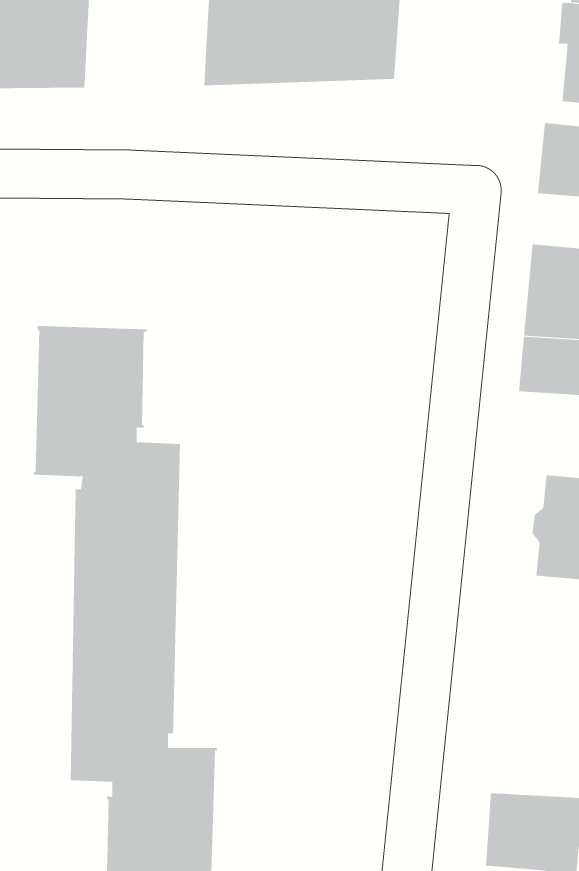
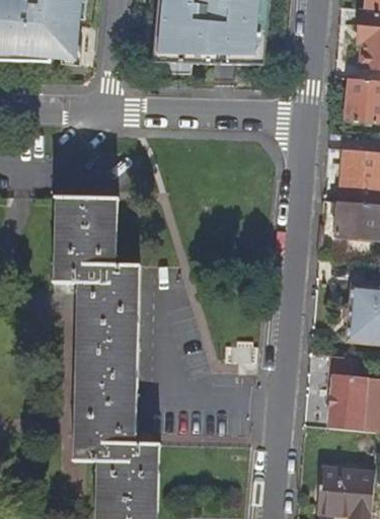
building: none -> [328,357,366,431]

